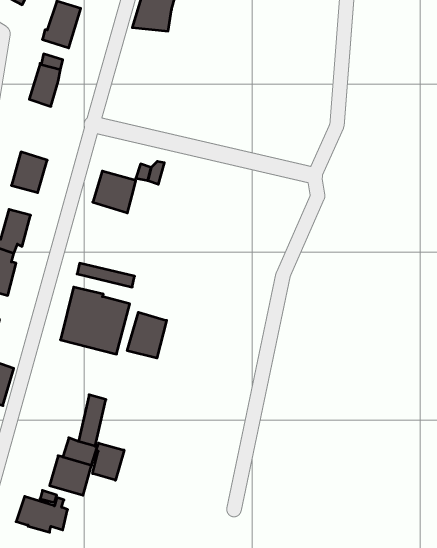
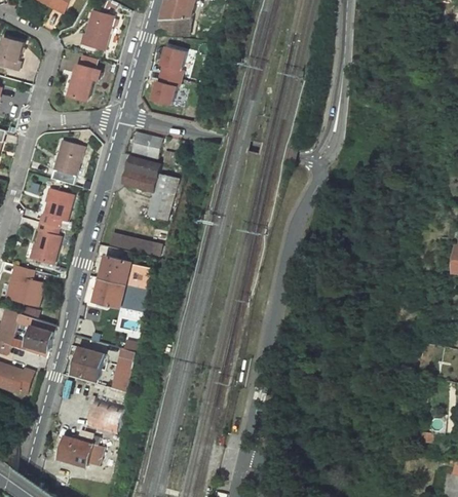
building: none -> [152,43,188,104]
building: none -> [132,132,162,159]
building: none -> [147,173,177,220]
building: [127,312,167,358] -> none
building: none -> [72,347,104,381]
building: [93,443,124,480] -> none

